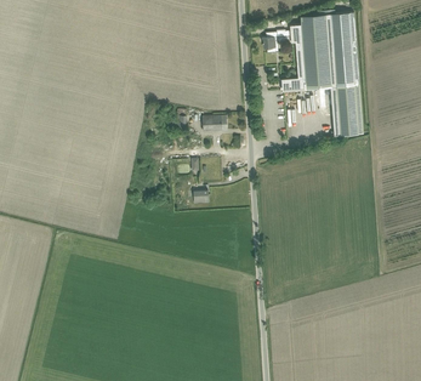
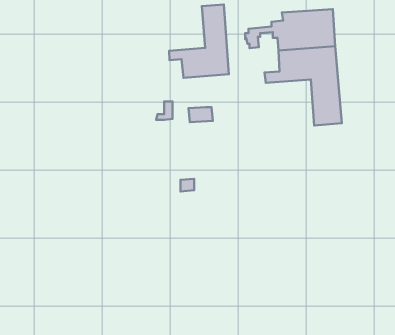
building: none -> [169,5,229,78]

